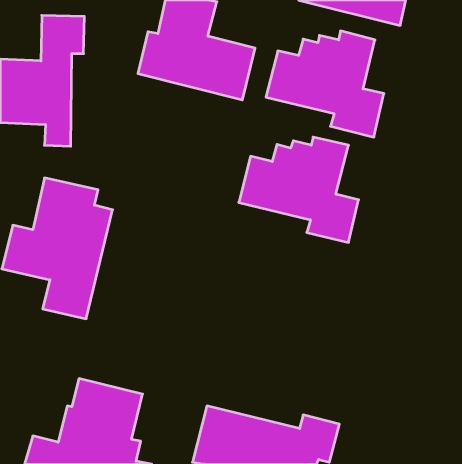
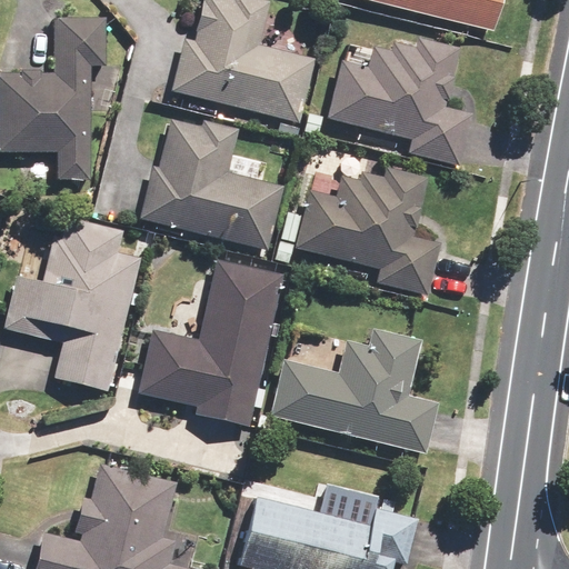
building: none -> [140,119,284,249]
building: none -> [138,261,282,427]
building: none -> [271,330,438,453]

